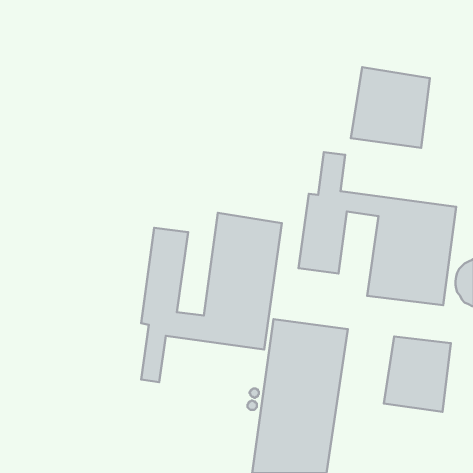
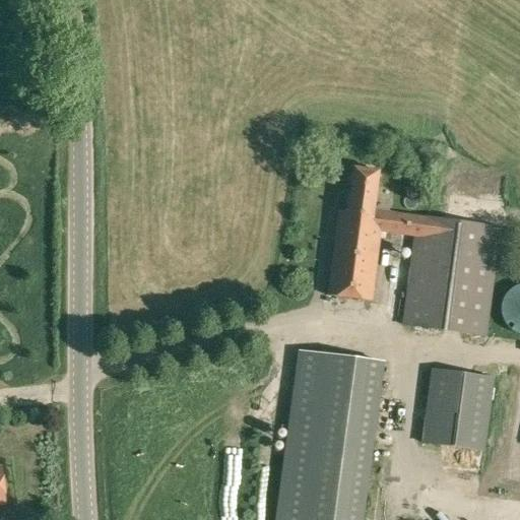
building: [351,67,430,148] -> none
building: [141,213,282,382] -> none

